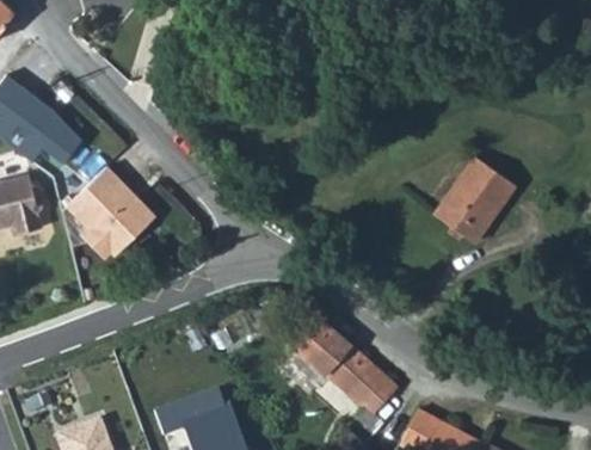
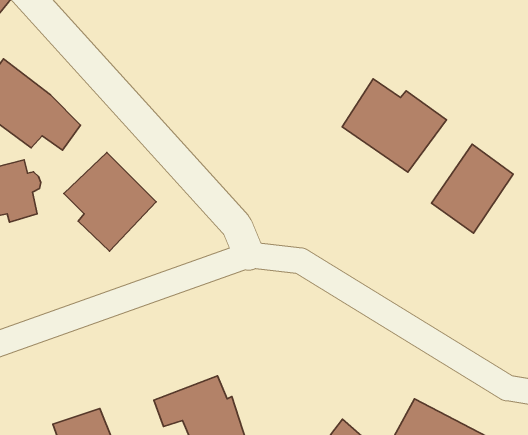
building: none -> [342,79,447,172]
building: [291,319,396,436] -> none

